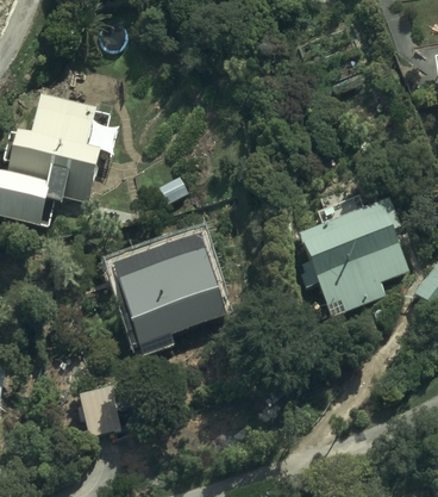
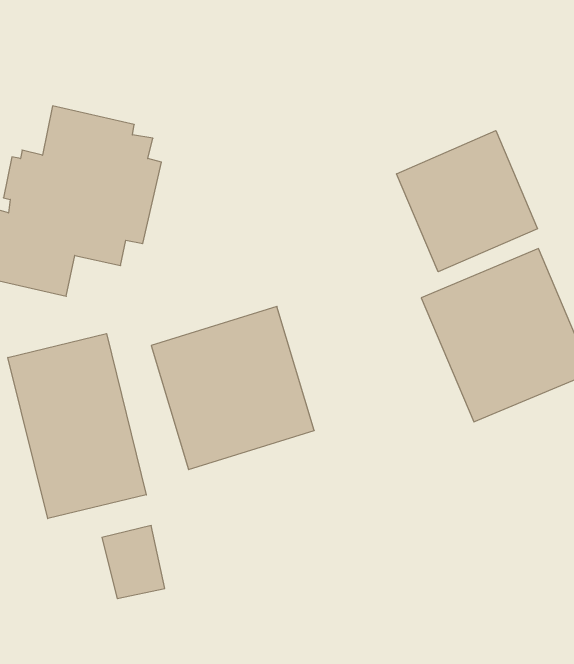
building: none -> [397,131,537,272]
building: none -> [8,334,146,519]

